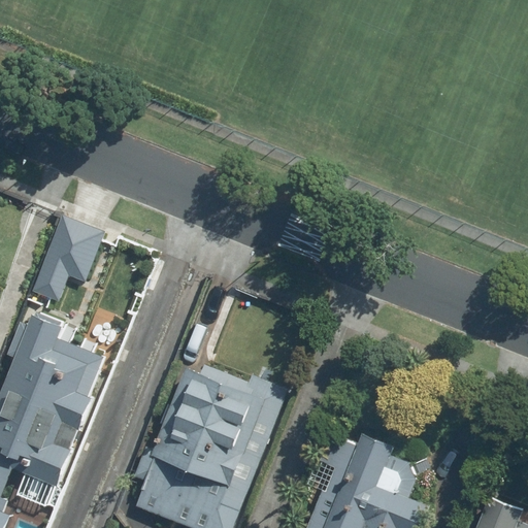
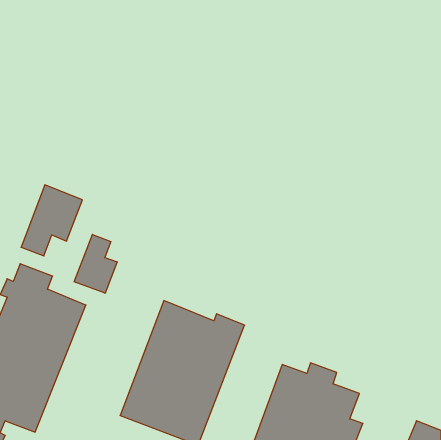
building: none -> [74,234,117,293]

